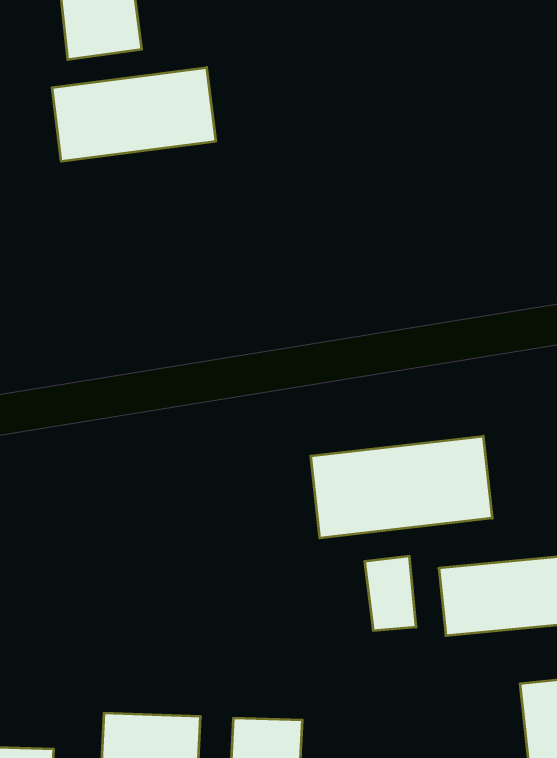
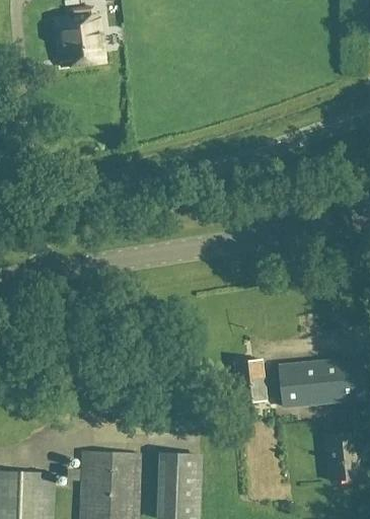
building: [52,67,216,161] -> none
building: [311,436,492,538] -> none

